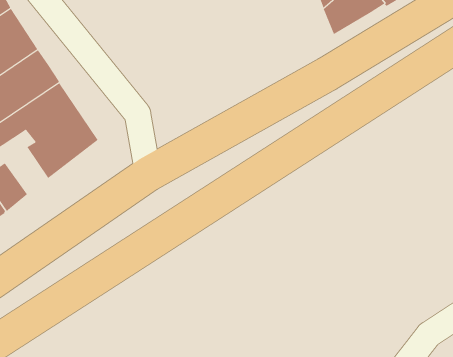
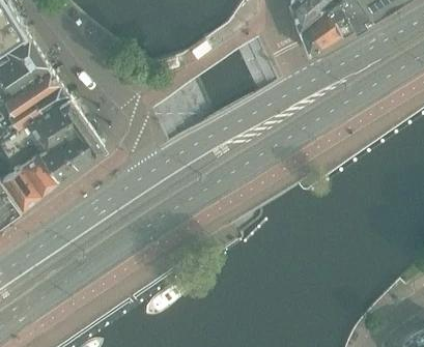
building: none -> [21,153,58,195]

